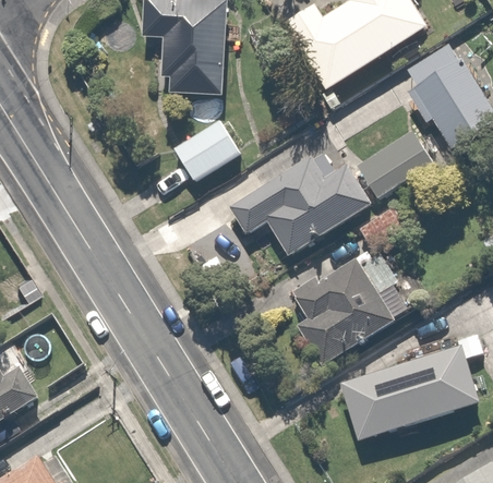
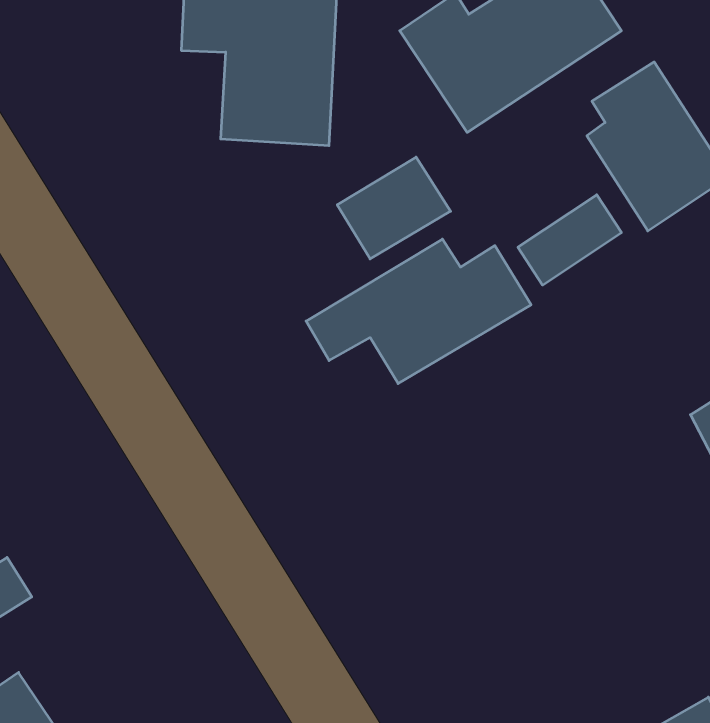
building: [167,116,242,183] -> [337,157,451,259]
building: [287,250,395,366] -> none
building: [330,350,478,438] -> none

